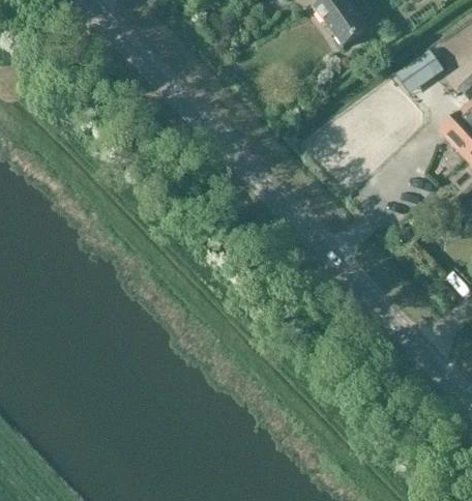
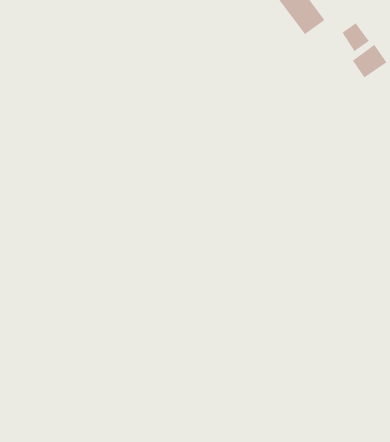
building: none -> [341,22,370,52]

